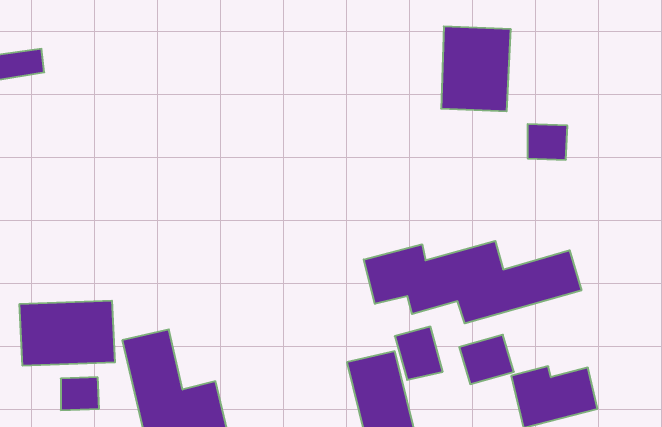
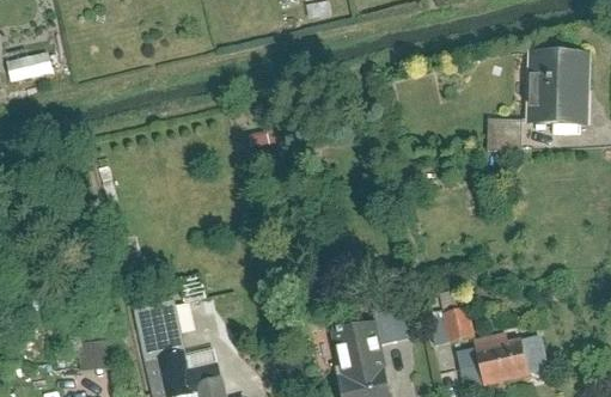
building: [441,26,511,111] -> [528,49,589,123]
building: [364,241,581,323] -> none
building: [20,301,115,366] -> none

